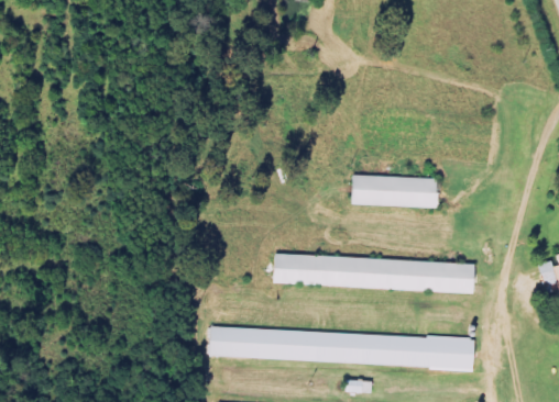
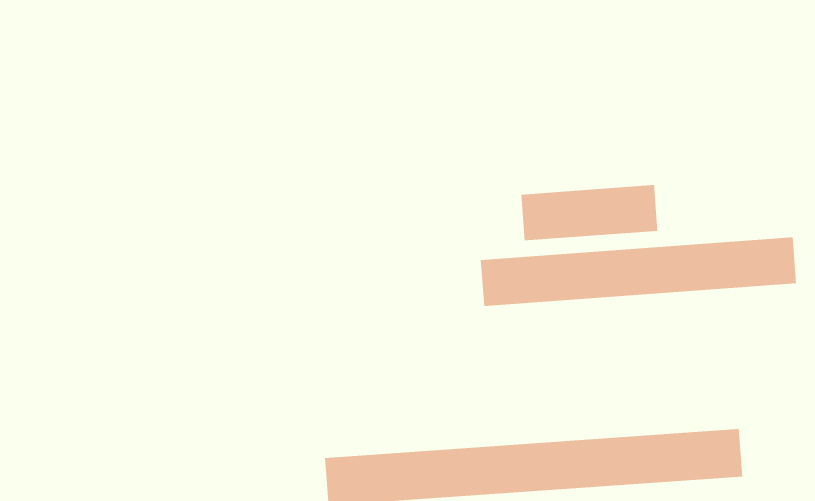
building: [274,254,475,291] -> [480,237,797,306]

